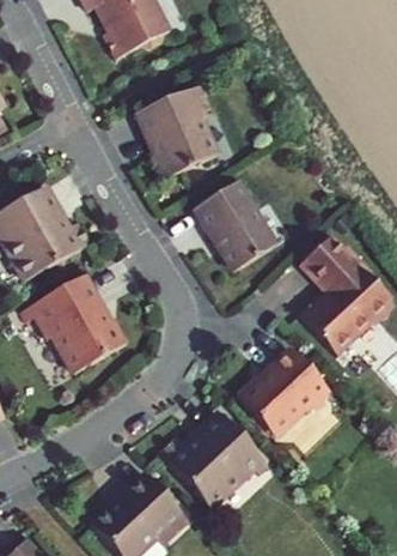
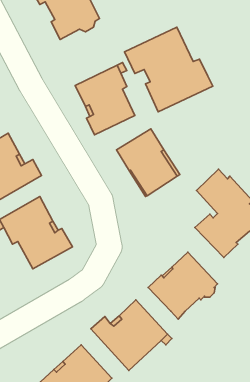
building: none -> [125,27,213,112]

